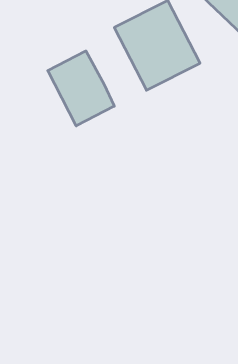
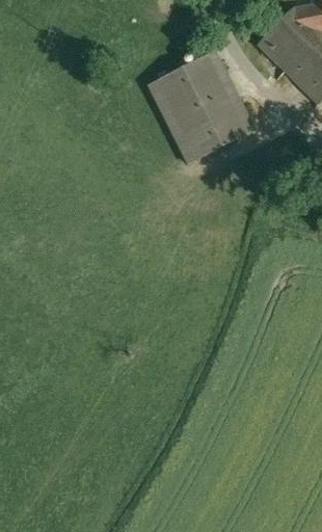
building: [48,51,114,126] -> none

